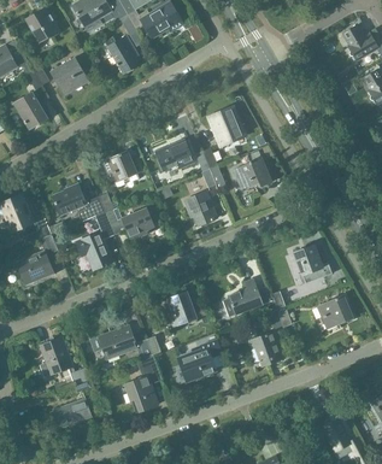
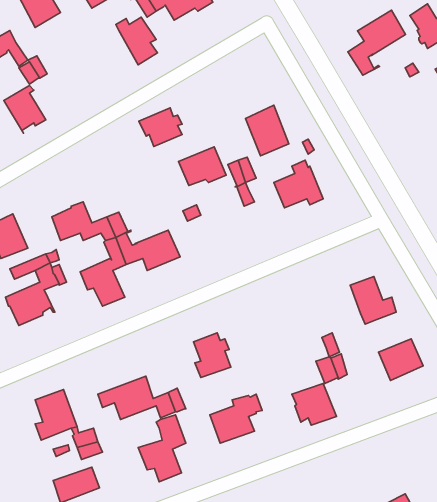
building: none -> [348,10,405,75]
building: [49,57,88,93] -> none
building: [102,151,137,182] -> [139,108,182,146]
building: [184,190,218,225] -> none
building: [223,280,271,316] -> none

